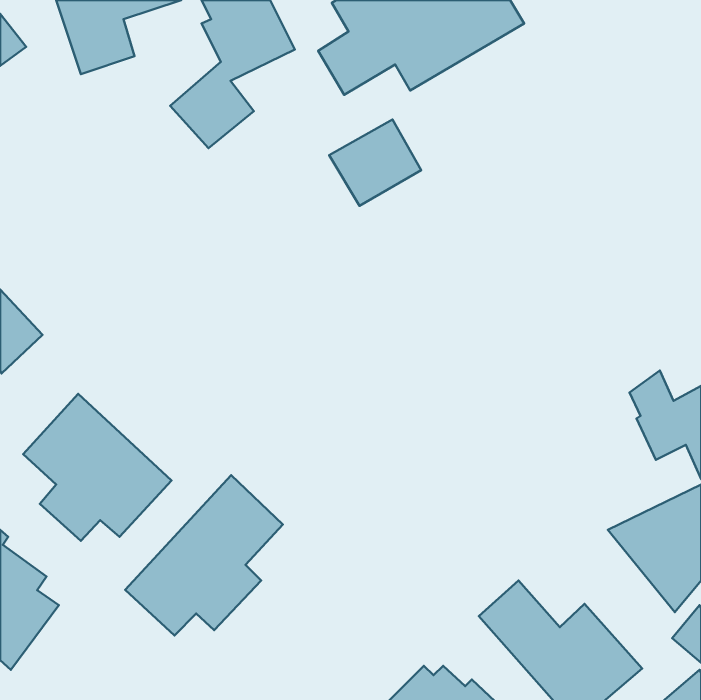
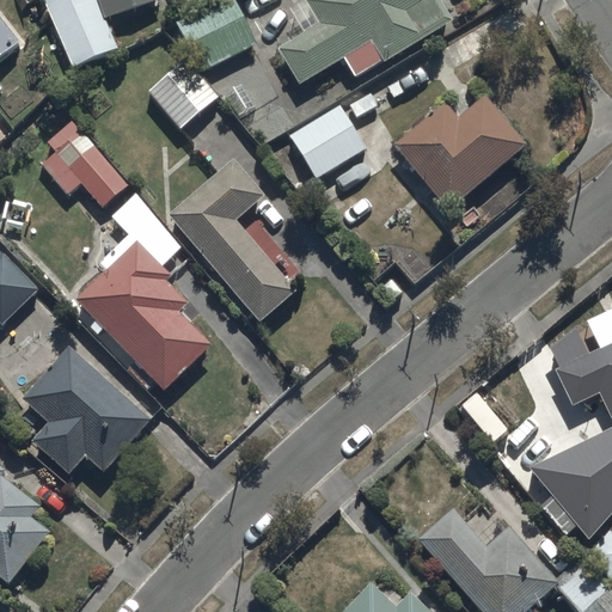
building: none -> [396,94,526,209]
building: none -> [41,122,127,206]
building: none -> [169,158,301,322]
building: none -> [74,194,213,390]
building: [125,475,283,636] -> none

